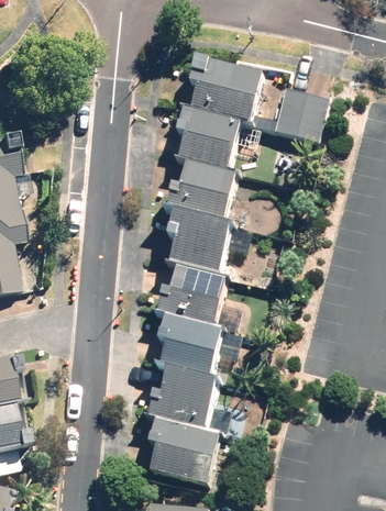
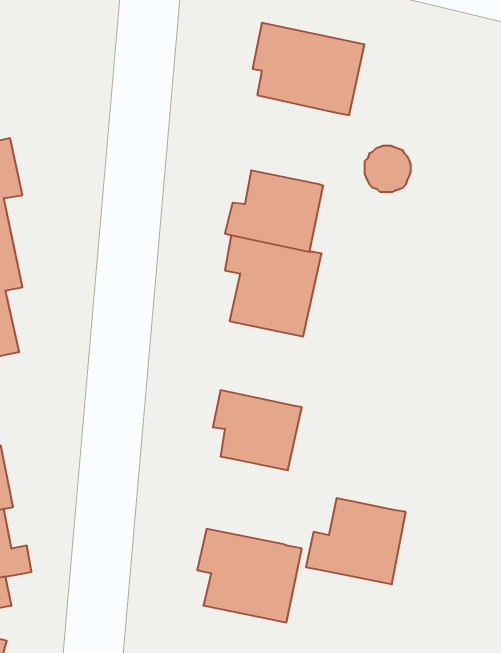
building: [272,89,329,141] -> none
building: [177,104,245,169] -> none
building: [156,268,227,327] -> none
building: [147,365,219,426] -> [306,498,406,584]

